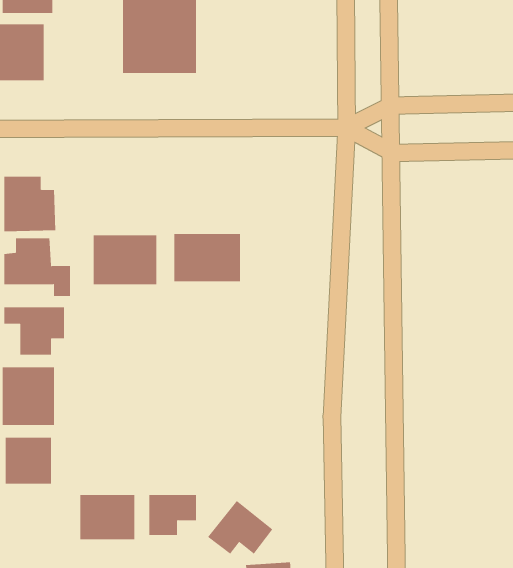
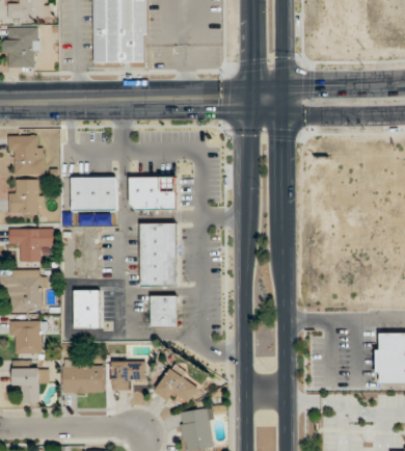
building: none -> [140,223,177,287]
building: none -> [74,290,99,328]
building: none -> [151,296,177,327]
building: none -> [12,367,47,402]

